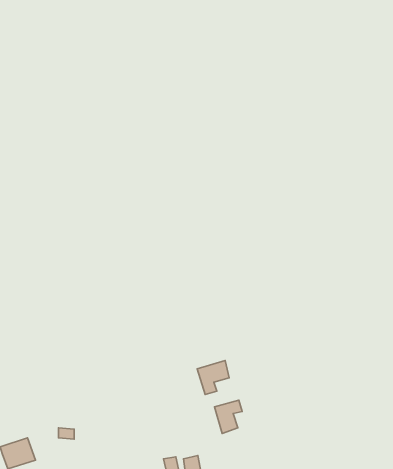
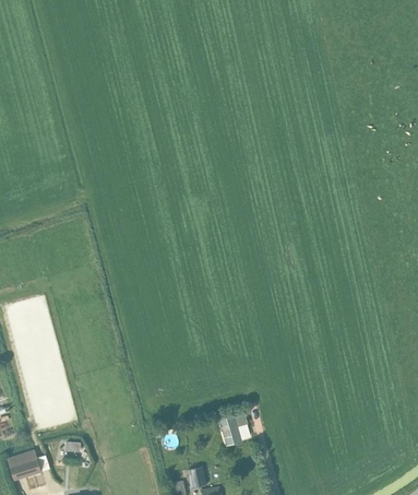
building: [197,361,229,395] -> none

